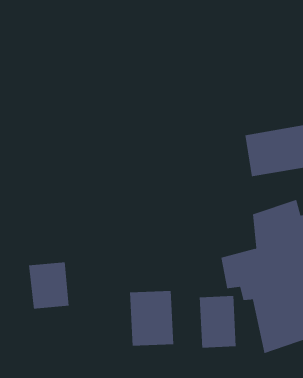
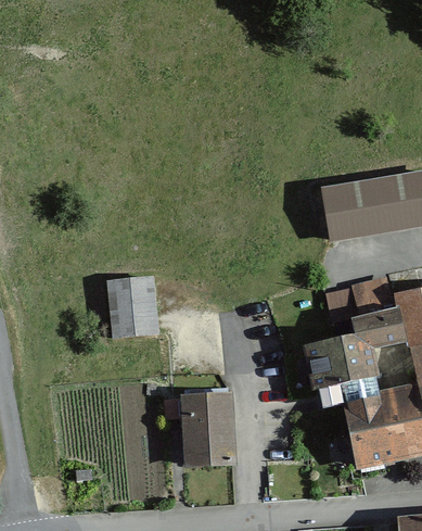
building: [28,262,70,309] -> [112,277,166,339]
building: [199,295,236,349] -> none

